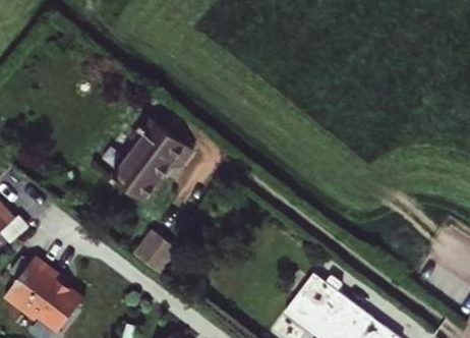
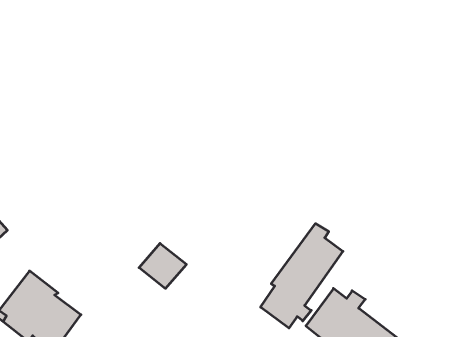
building: [112,117,191,201] -> none
building: none -> [261,224,343,328]

